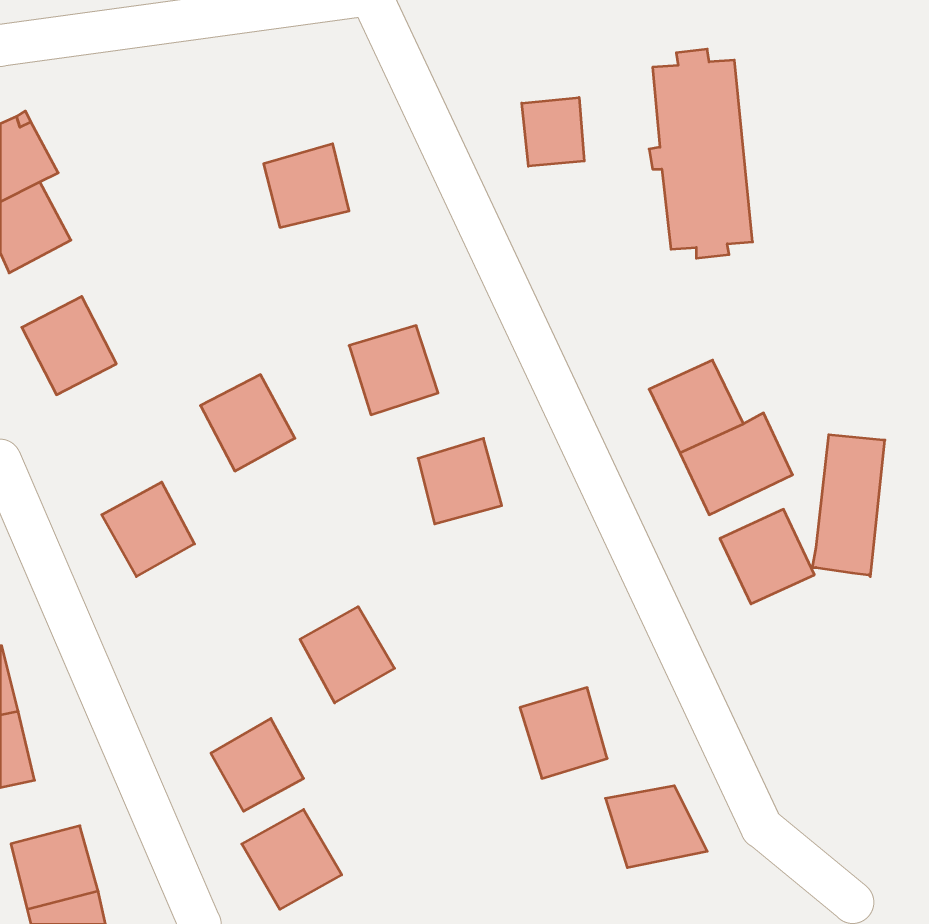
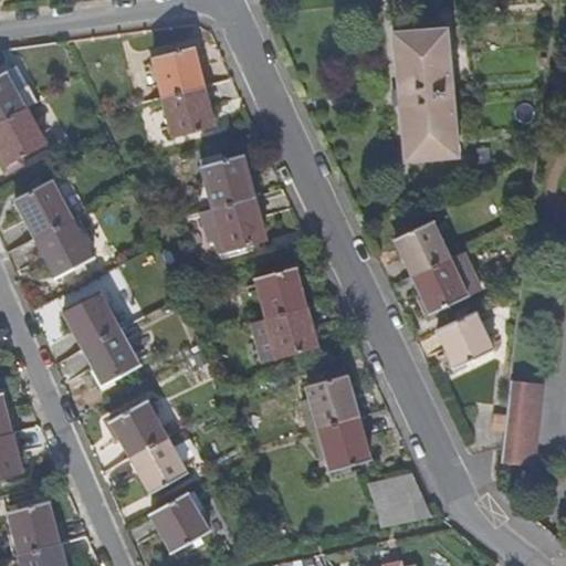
building: none -> [151,48,202,99]
building: [522,97,584,166] -> none
building: none -> [199,154,253,210]
building: [200,375,295,471] -> [34,221,92,280]
building: [812,435,885,577] -> [500,378,544,464]
building: none -> [264,307,316,359]
building: none -> [83,331,138,386]
building: [300,607,395,703] -> [107,399,165,458]
building: none -> [304,374,357,430]

